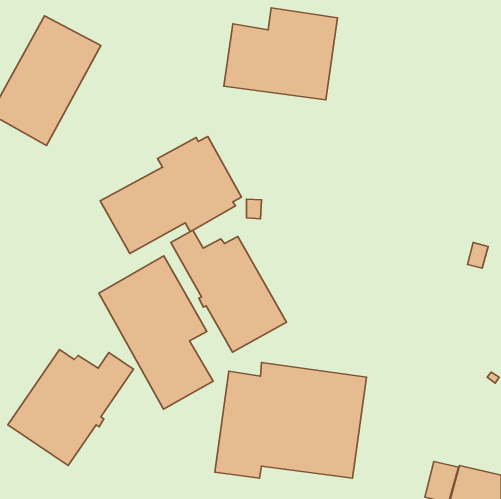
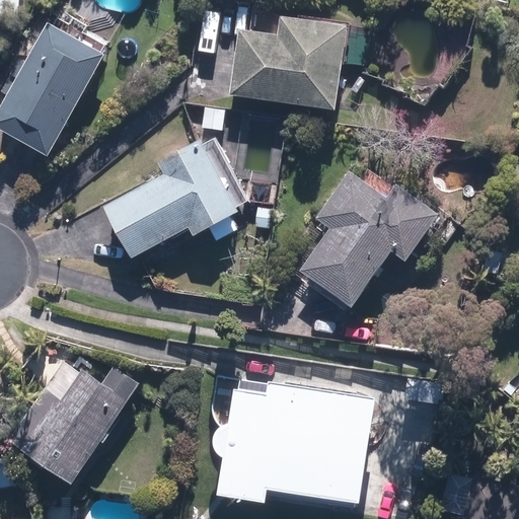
building: none -> [299,171,438,306]
building: [171,230,286,352] -> none
building: [99,256,213,409] -> none

